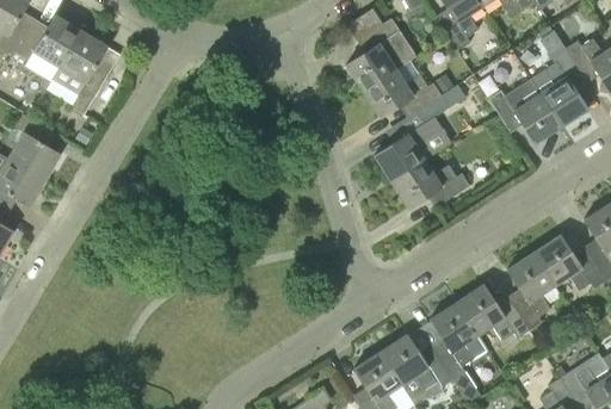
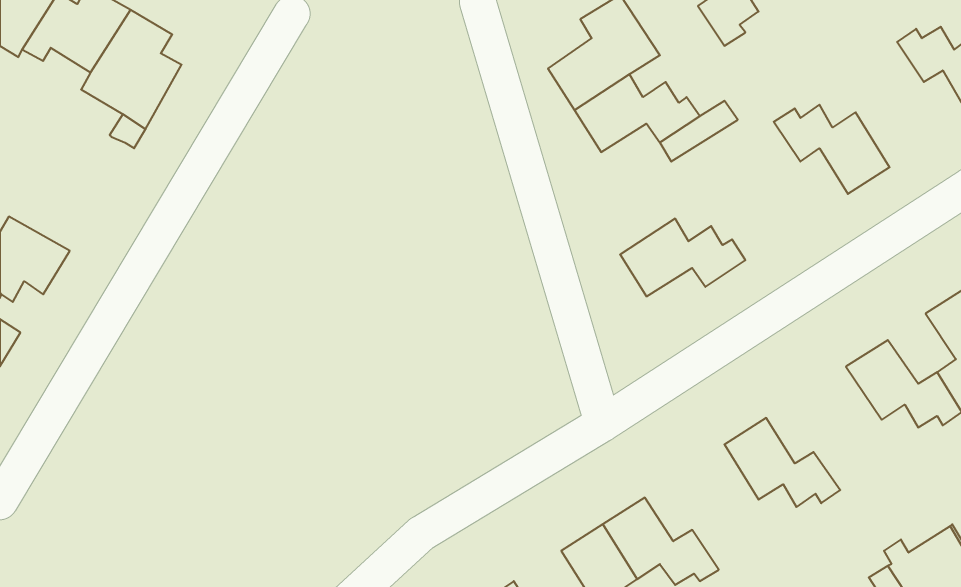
building: [539,31,588,128] -> none
building: [7,114,61,180] -> none
building: [374,125,430,182] -> none
building: [507,253,562,330] -> none
building: [431,302,479,380] -> none

